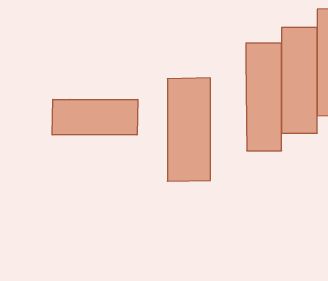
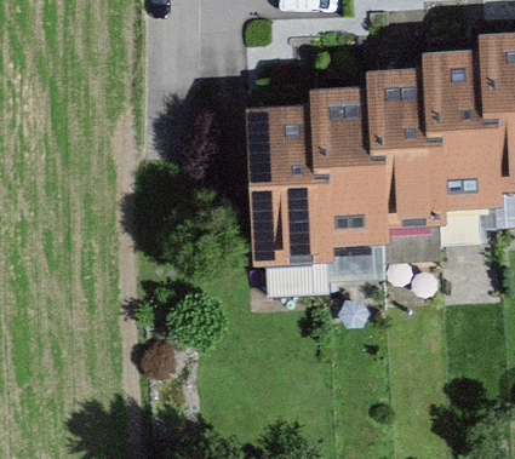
building: none -> [316,101,370,247]
building: [52,99,138,135] -> none

